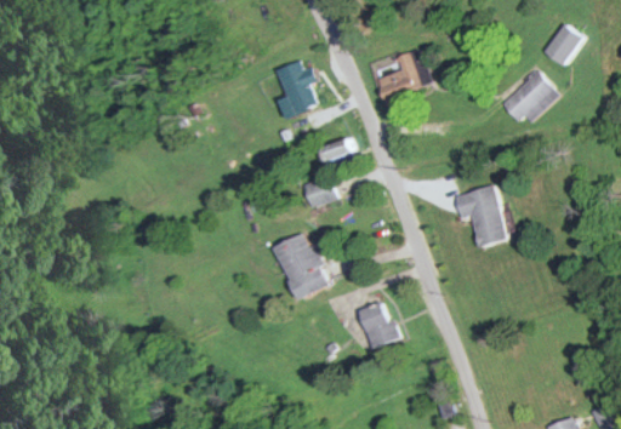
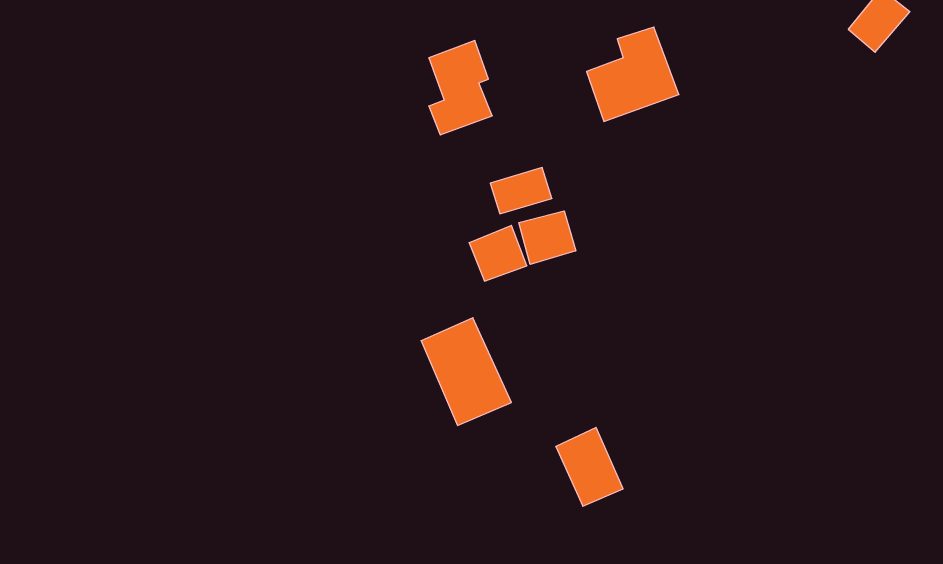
building: [498,73,554,124] -> none
building: none -> [519,211,576,264]
building: [452,185,505,246] -> none

